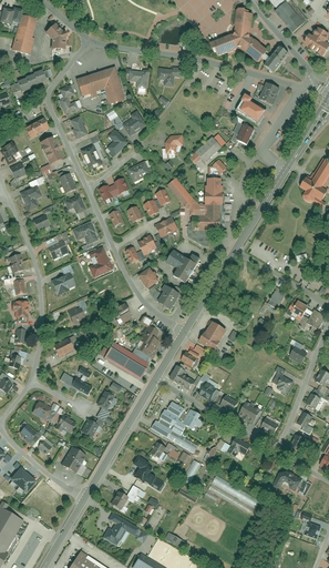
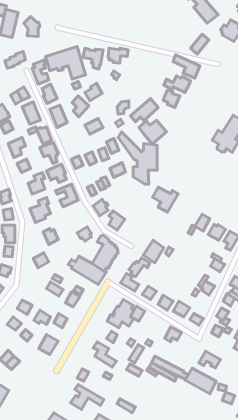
building: [206,8,265,61] -> none
building: [99,179,131,204] -> none
building: [162,250,196,283] -> [152,187,178,212]
building: none -> [185,368,216,394]

